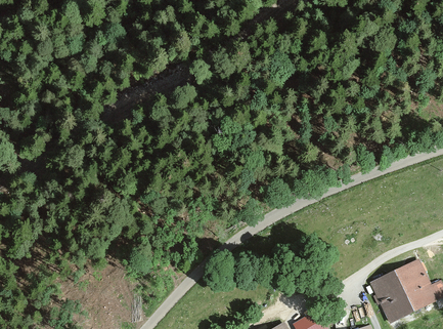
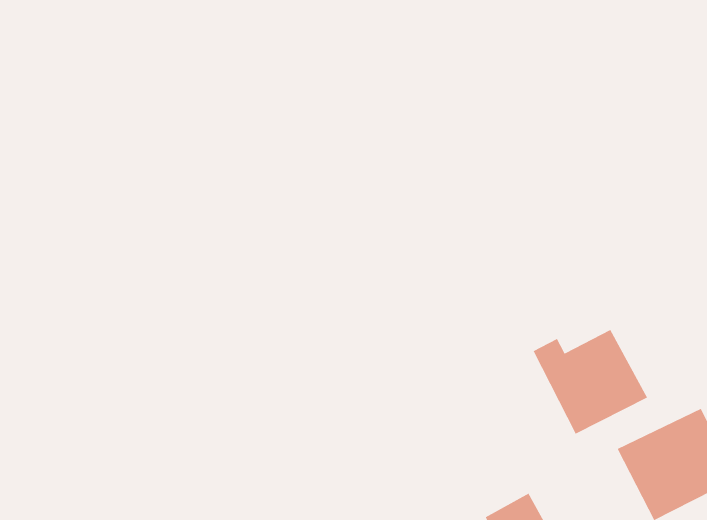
building: none -> [533,329,648,435]

